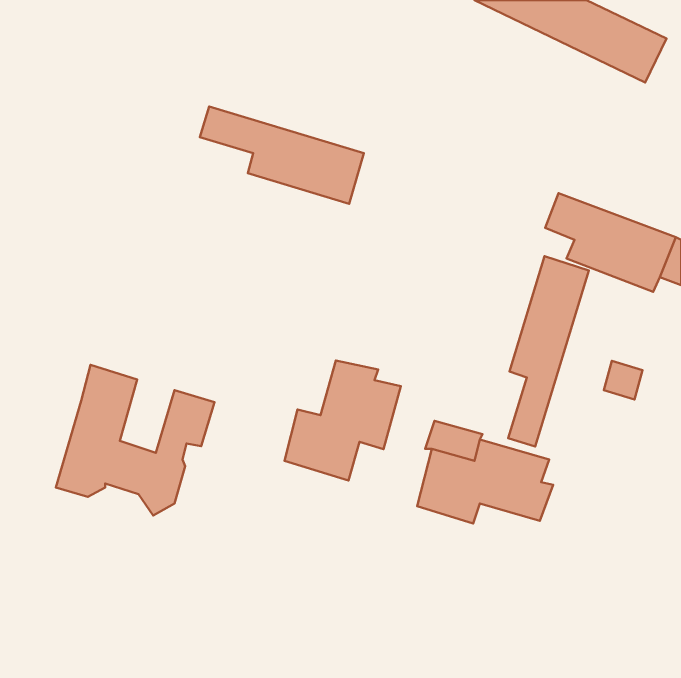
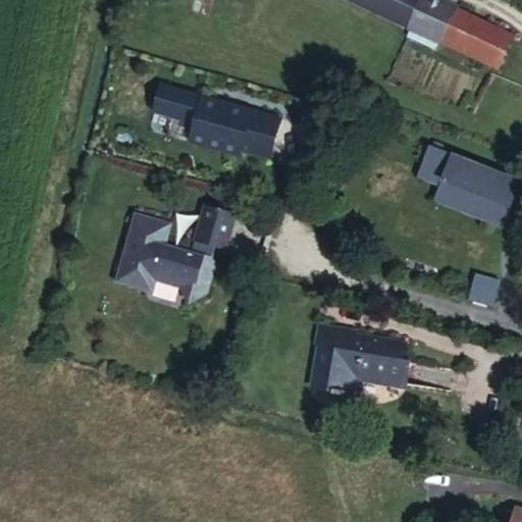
building: [508,256,589,446] -> none
building: [284,360,401,480] -> none
building: [56,365,215,515] -> [113,186,234,301]

